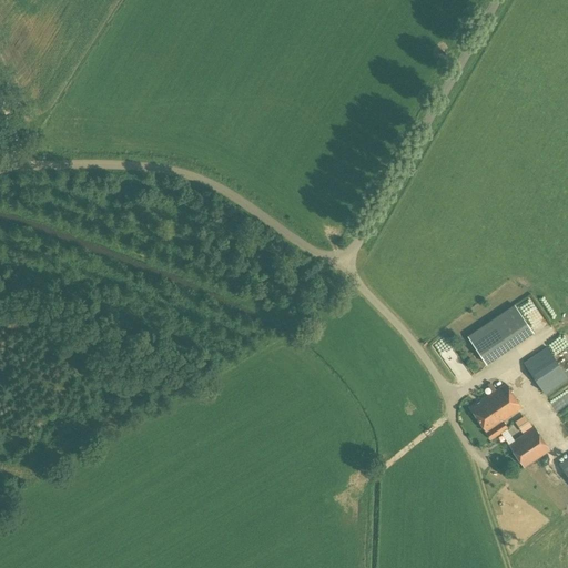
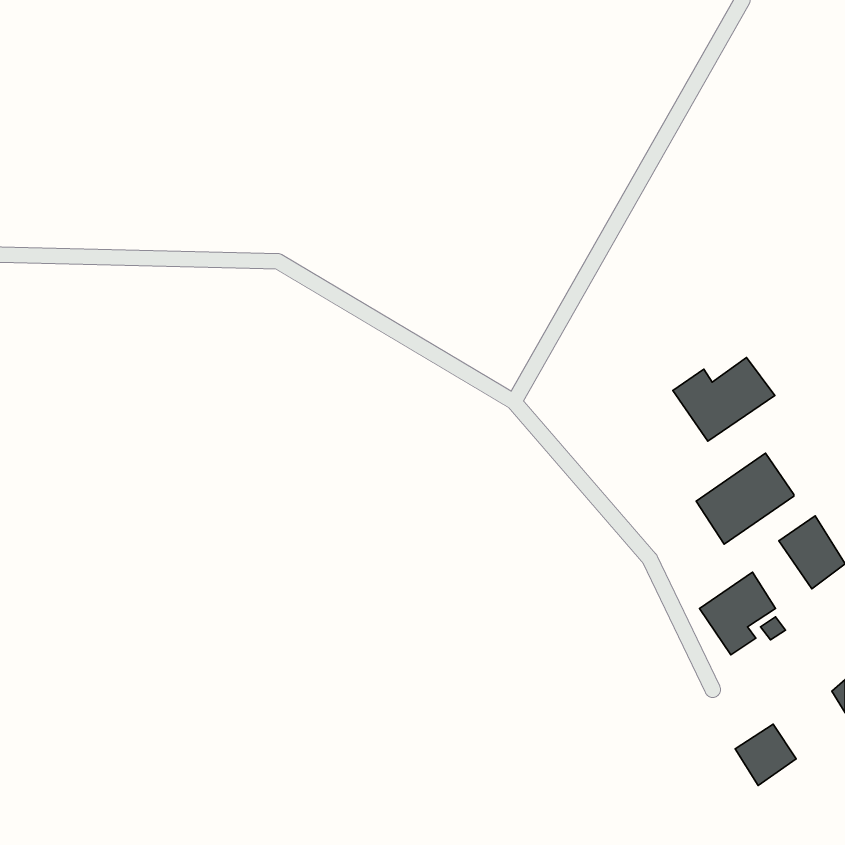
building: none -> [673,357,775,441]
building: [508,427,549,468] -> [735,724,796,785]

